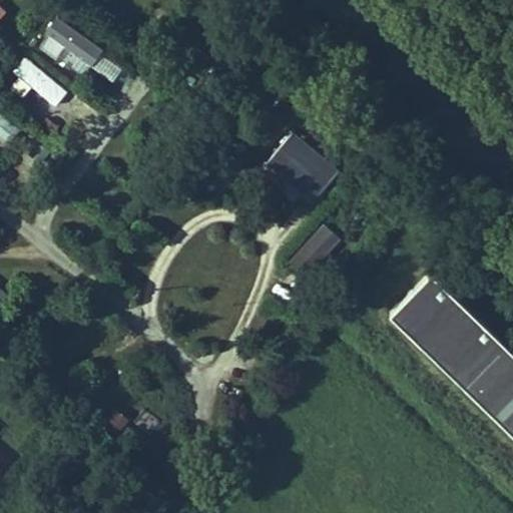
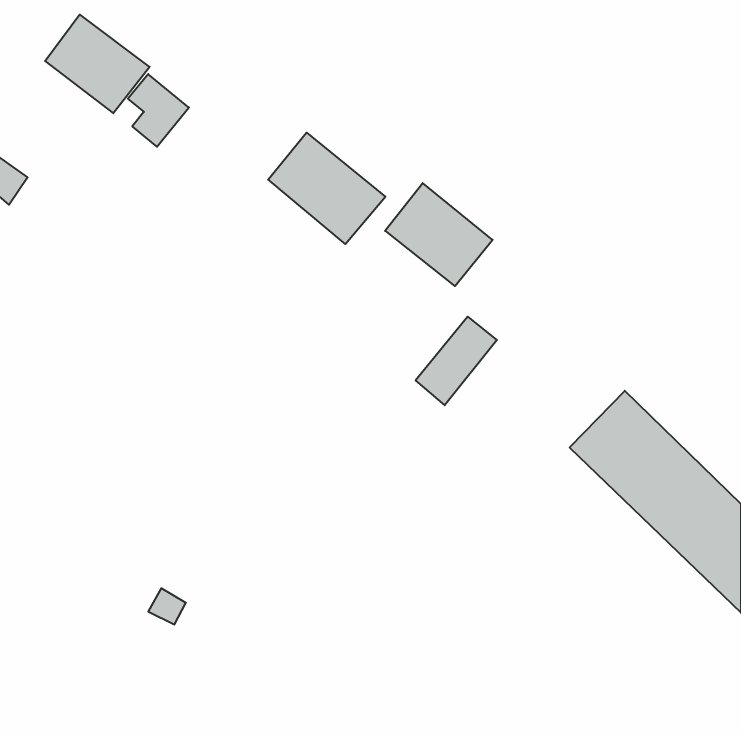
building: [9,60,68,112] -> none
building: none -> [268,133,385,244]

